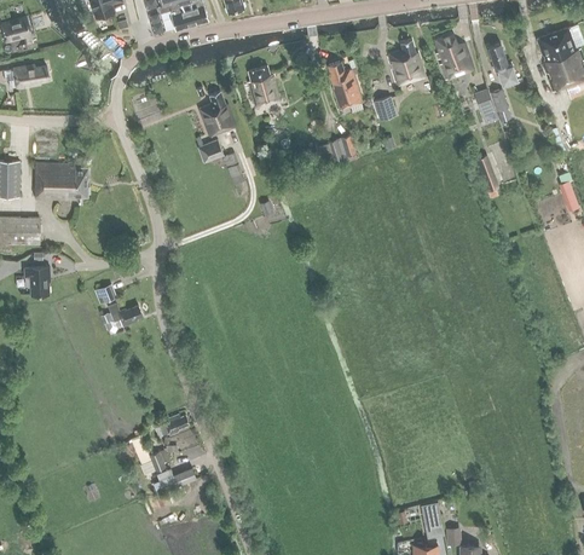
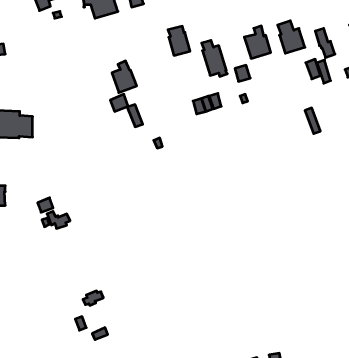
building: [247,64,278,105] -> [168,26,190,55]

